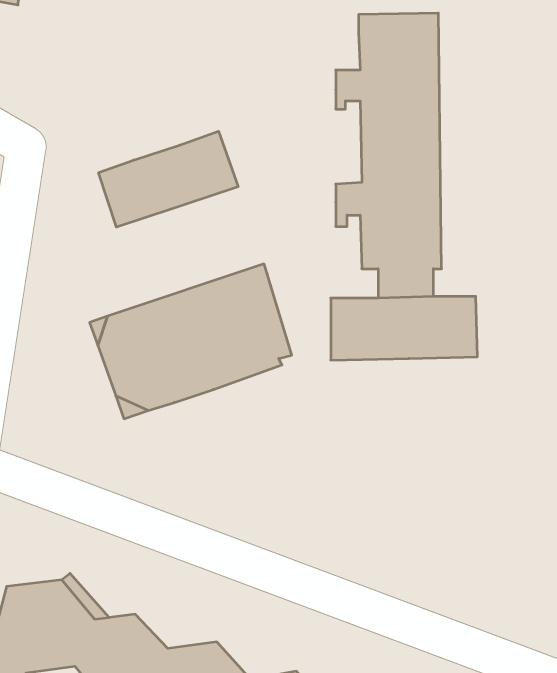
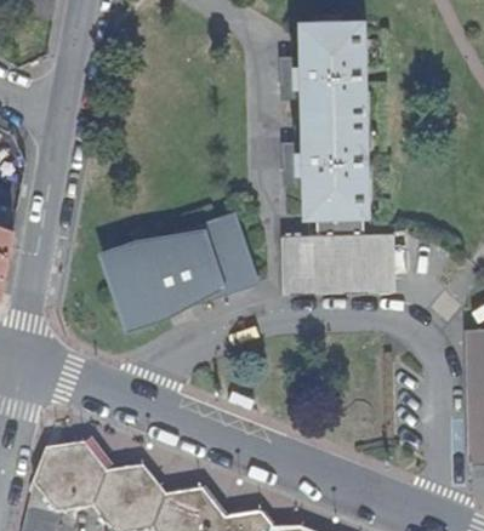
building: [99,131,238,227] -> none

